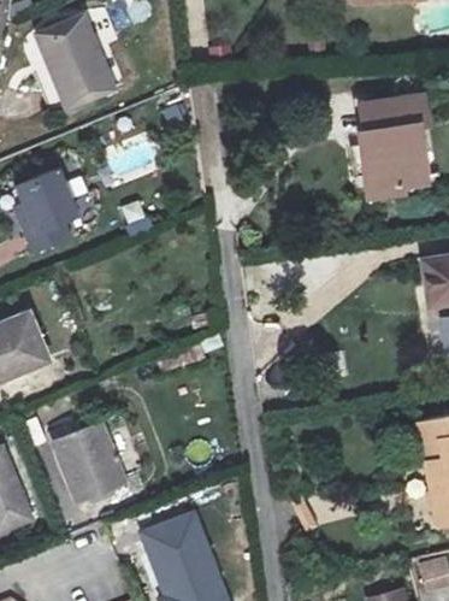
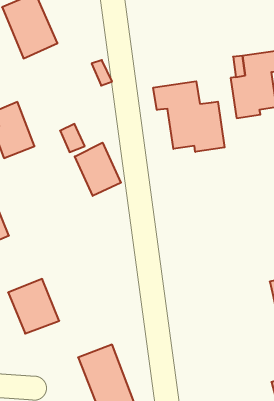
building: none -> [153,81,225,152]
building: none -> [75,143,121,196]

